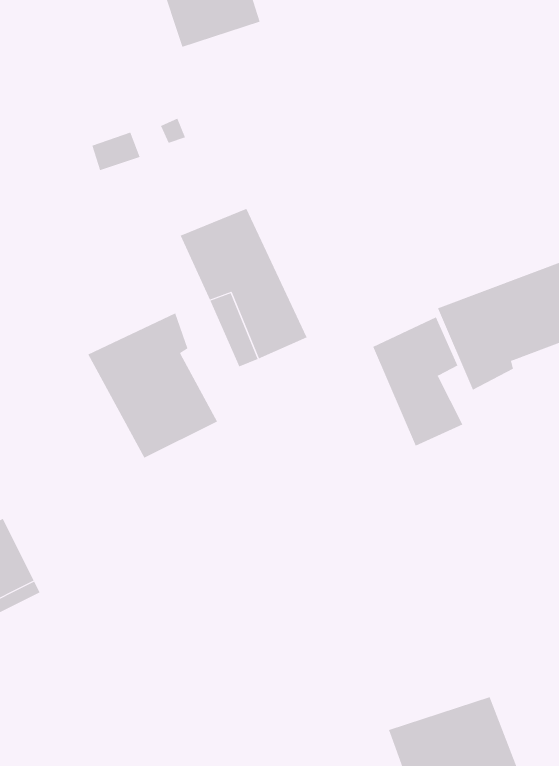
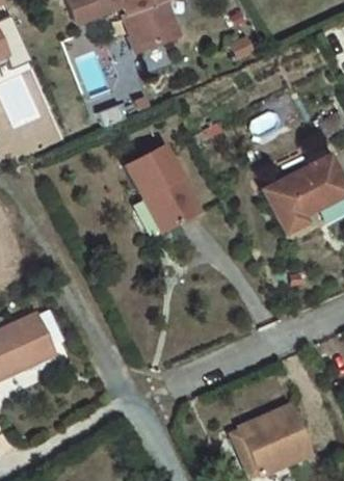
building: [87,313,218,459] -> none
building: [373,316,463,446] -> none

